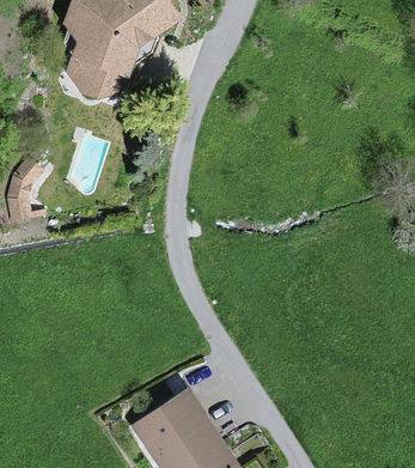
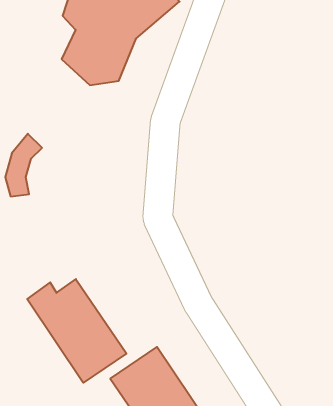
building: none -> [27,279,126,383]

